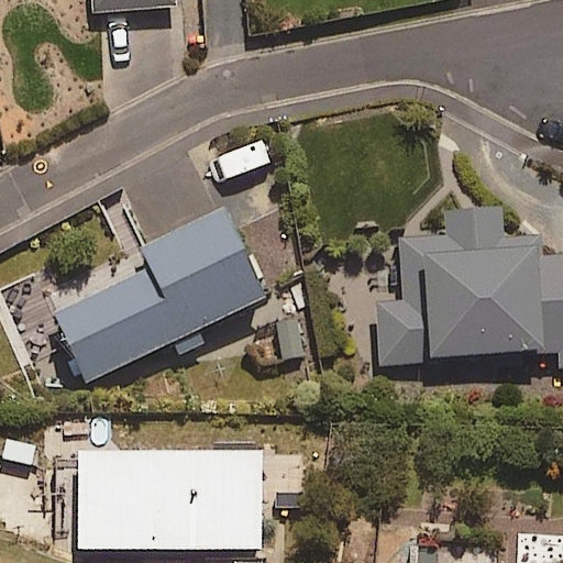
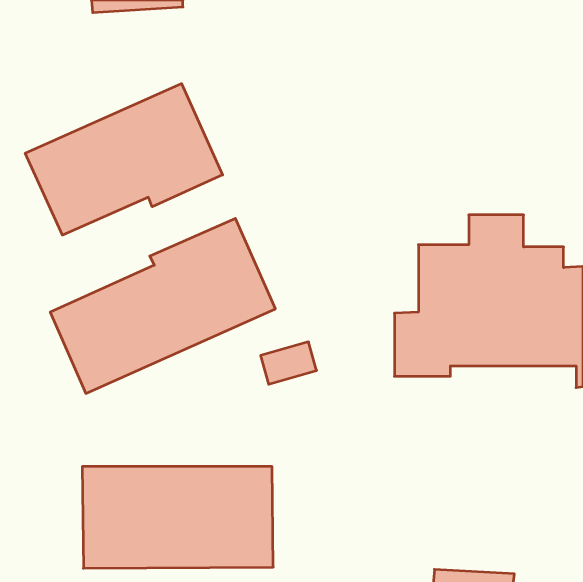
building: none -> [25,84,223,235]

